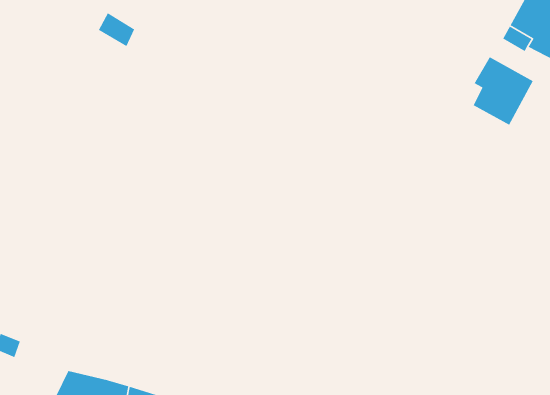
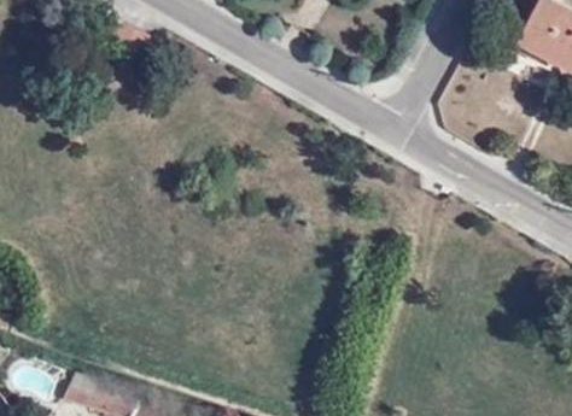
building: [473,56,534,126] -> none

